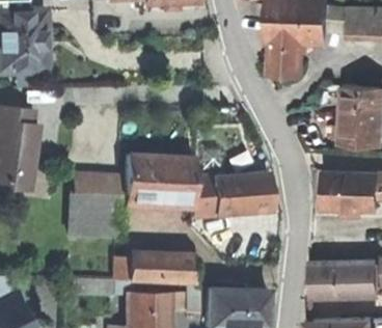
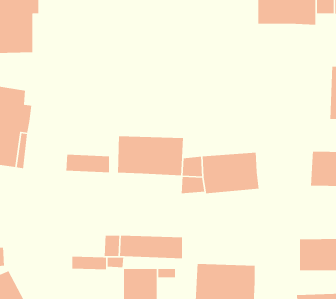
building: [272,44,306,74] -> none
building: [67,194,116,238] -> none

